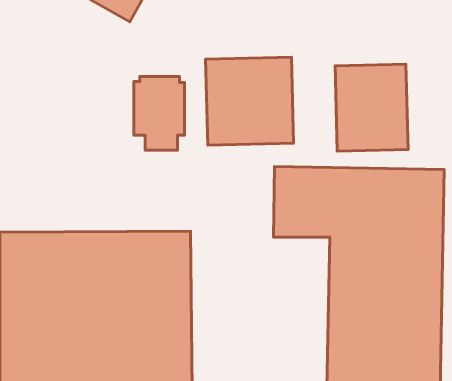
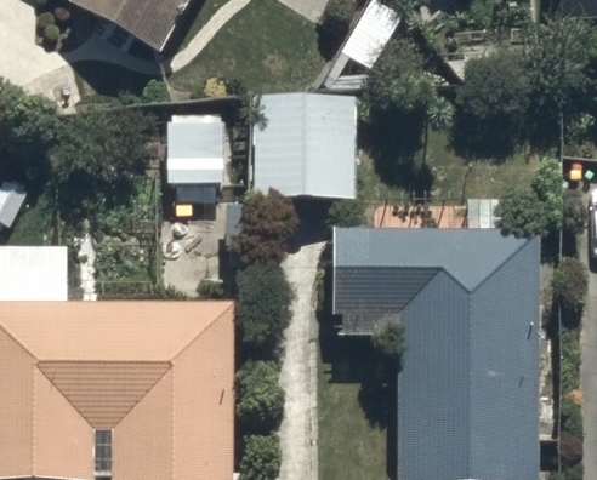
building: [335,64,408,151] -> none

